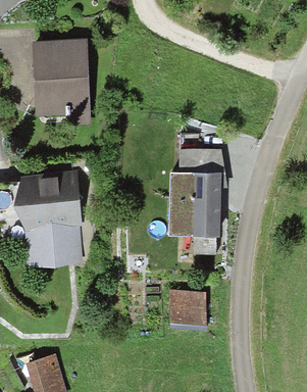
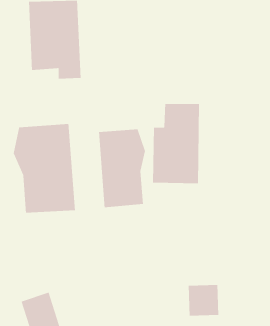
building: none -> [98,129,146,208]
building: [168,292,202,327] -> [188,284,219,317]

